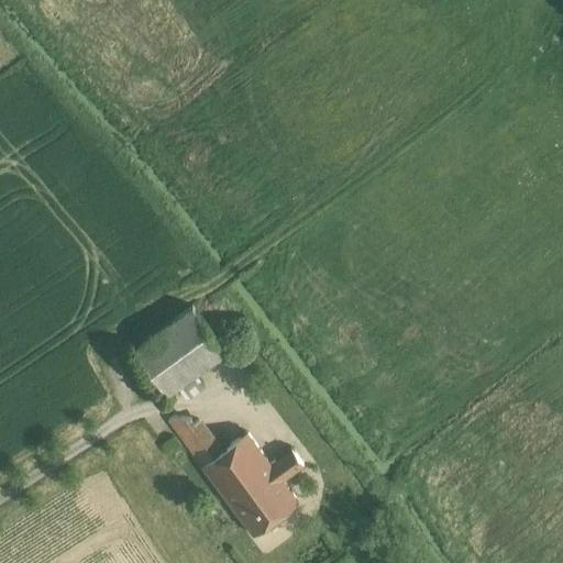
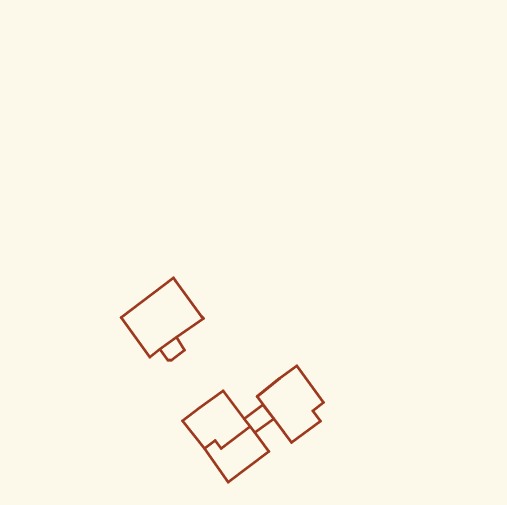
building: none -> [257,366,323,442]
building: [168,420,221,468] -> none

